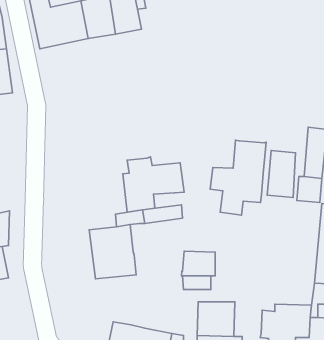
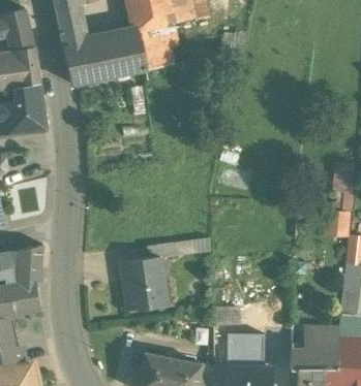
building: [210,140,266,215] -> none
building: [267,150,295,197] -> none
building: [123,157,184,212] -> none
building: [182,251,215,276] -> none

